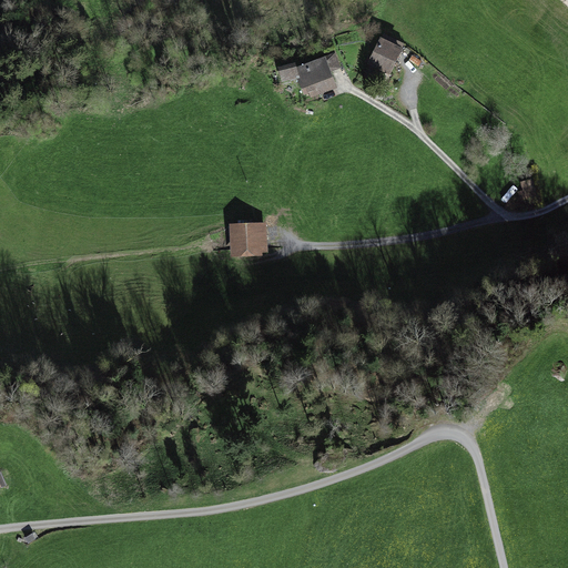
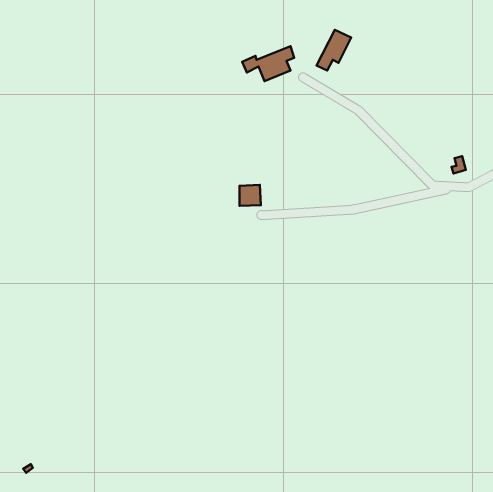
building: [235,225,260,250] -> [240,185,261,206]

